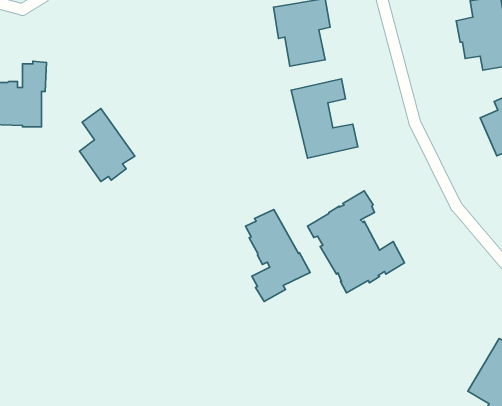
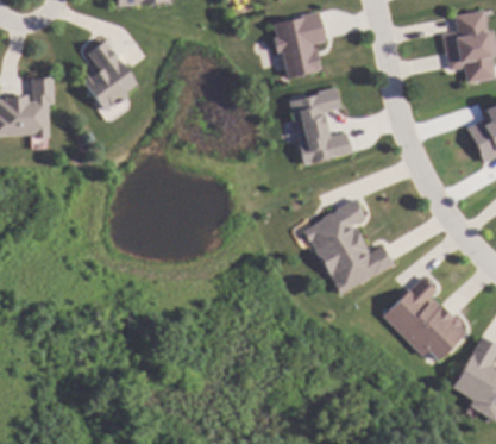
building: [79,108,135,182] -> [84,38,137,107]
building: [246,209,310,301] -> none
building: none -> [382,274,466,361]

